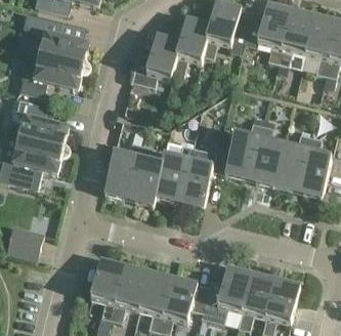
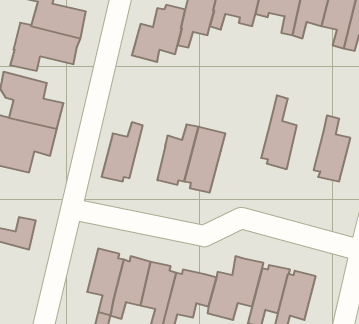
building: [213,117,264,178] -> none
building: [273,135,310,191] -> none
building: [129,146,162,206] -> none

